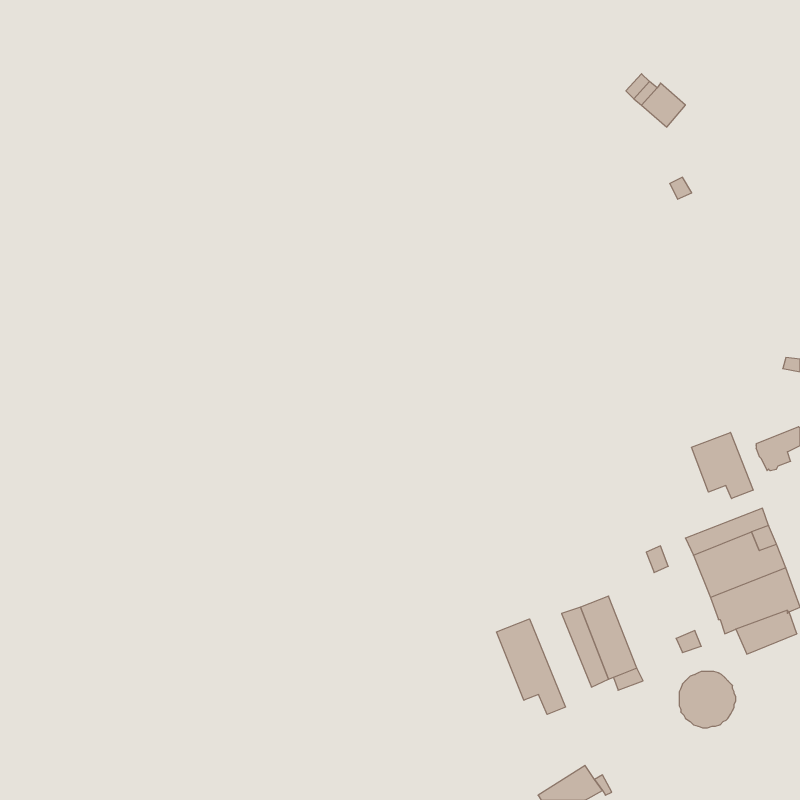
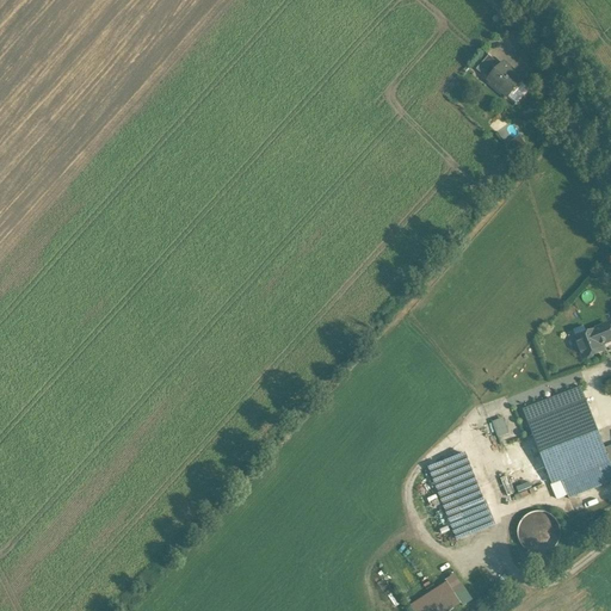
building: [691,432,753,499] -> none
building: [496,619,565,714] -> none

